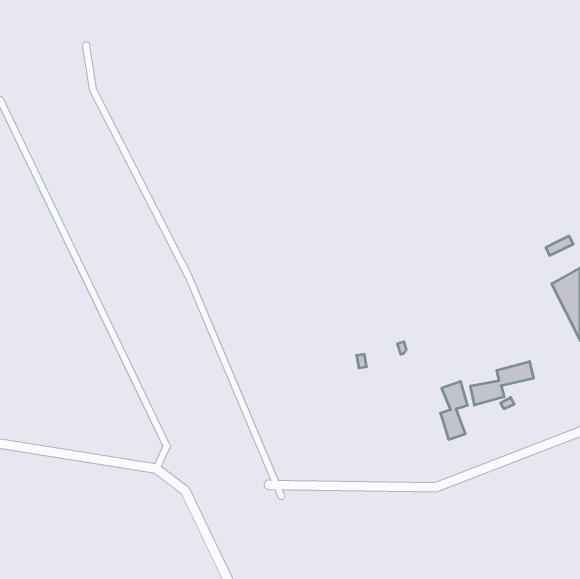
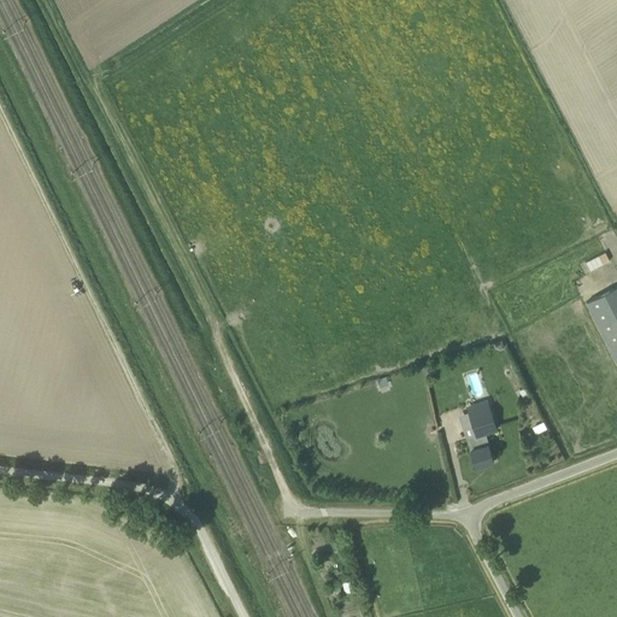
building: [471,361,533,405] -> none

